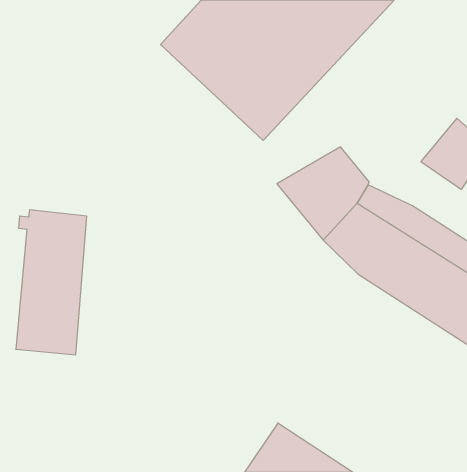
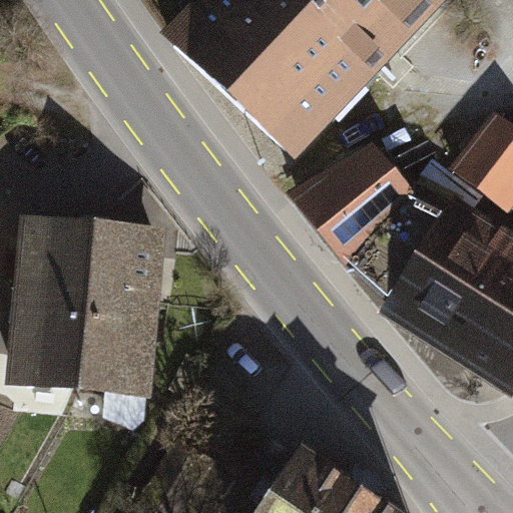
building: none -> [87,234,162,391]

